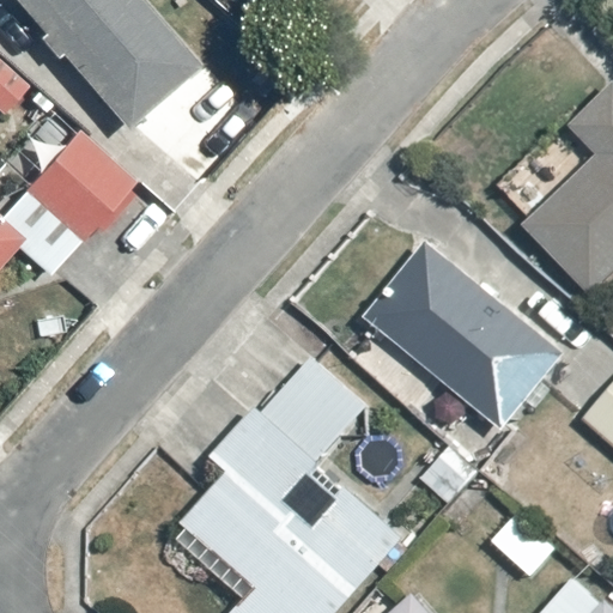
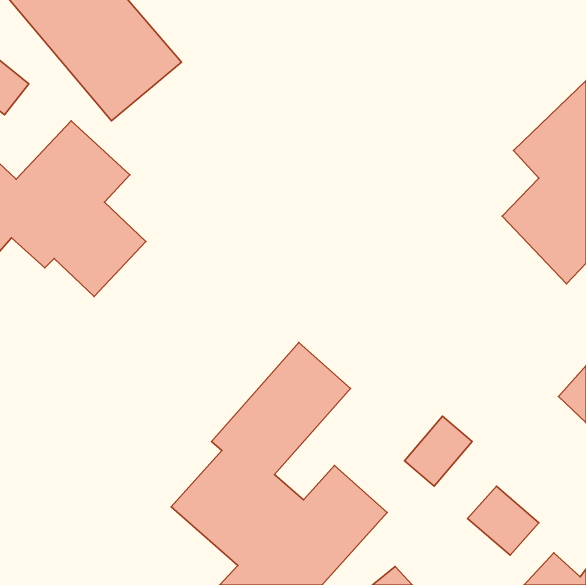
building: [364,243,571,433] -> none

